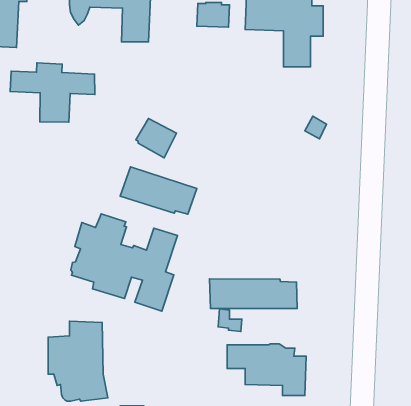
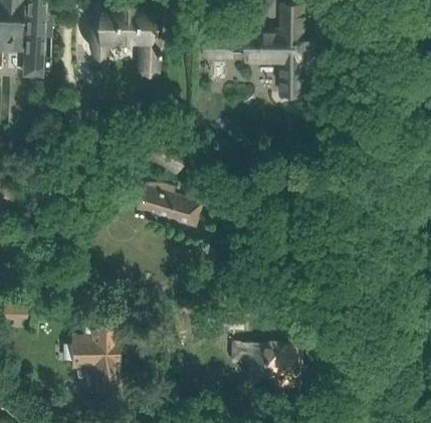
building: [10,63,95,122] -> none
building: [71,214,177,311] -> none
building: [210,279,297,309] -> none

